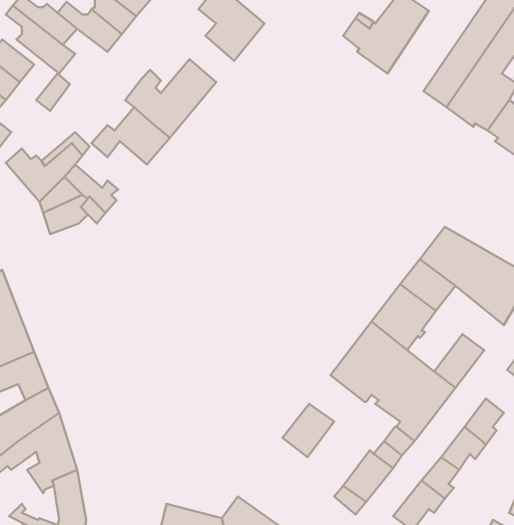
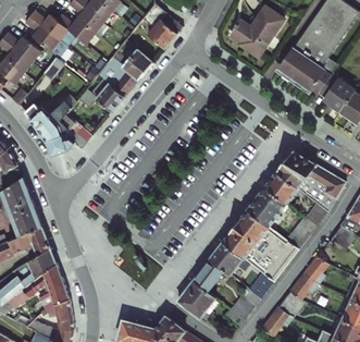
building: none -> [209,242,243,276]
building: none -> [177,280,216,321]

